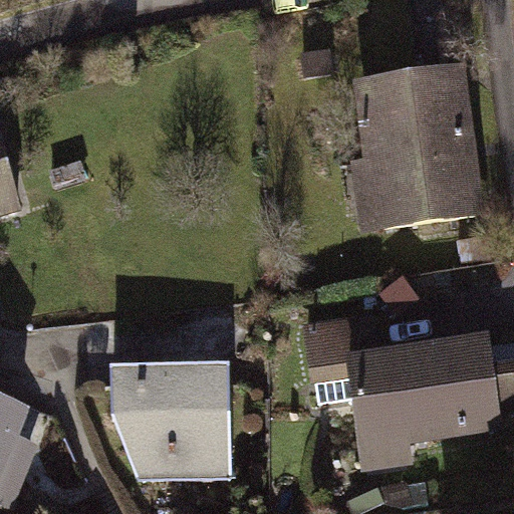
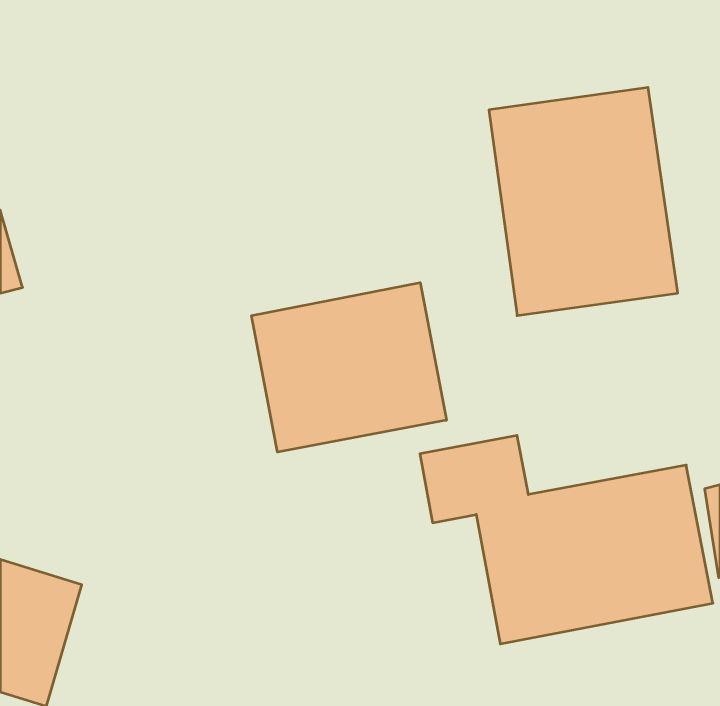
building: none -> [252,283,446,452]
building: [94,361,230,483] -> none

